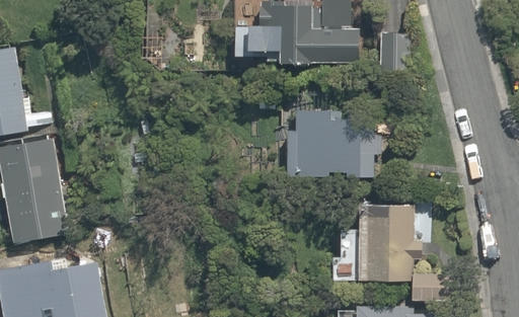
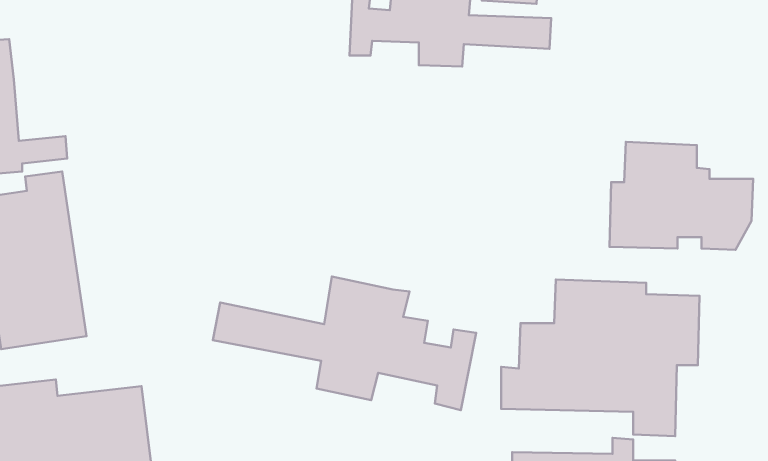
building: [286,109,376,177] -> [610,142,753,250]
building: none -> [213,276,476,410]

